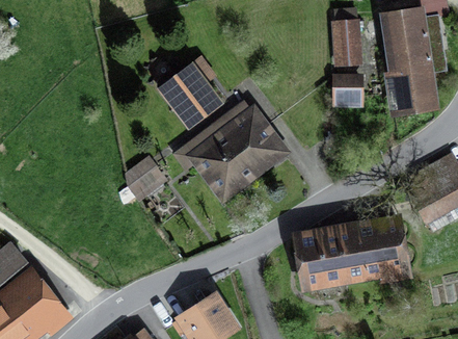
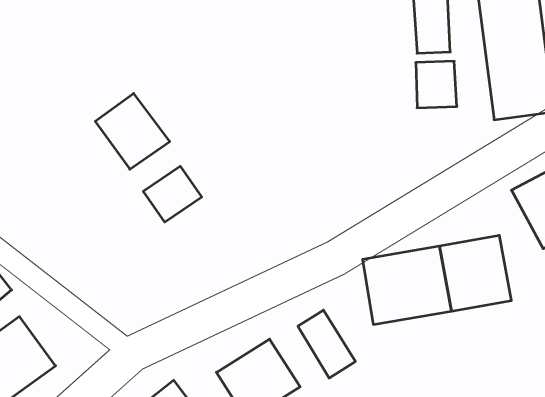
building: [162,70,220,129] -> [95,93,170,169]
building: [188,105,290,203] -> none
building: none -> [298,310,355,378]

